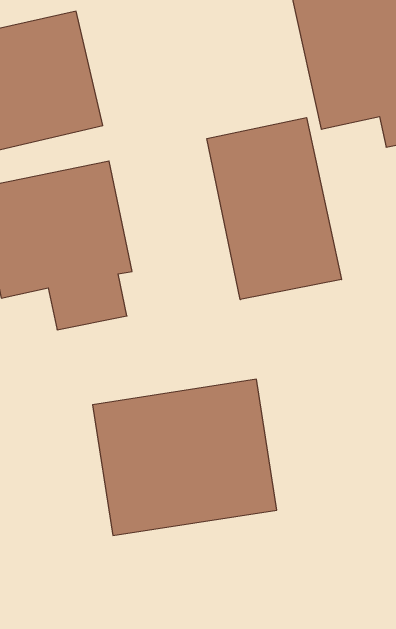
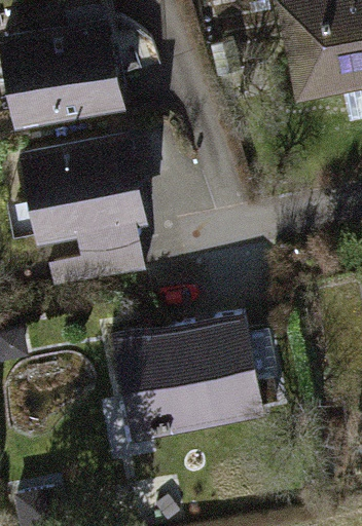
building: [207,118,341,300] -> none

